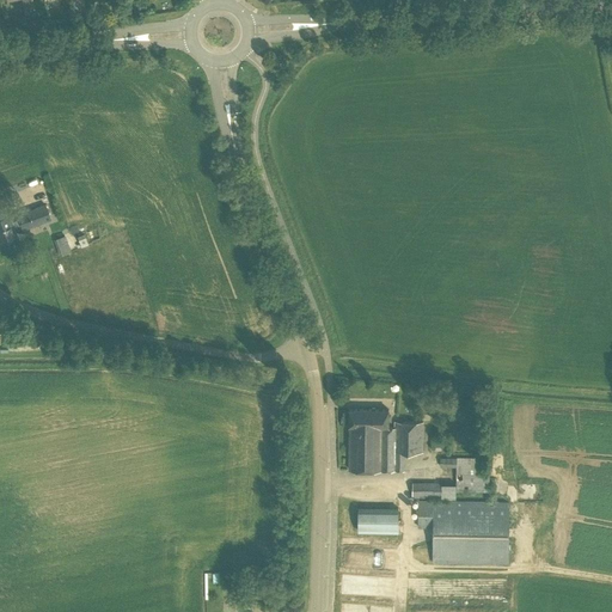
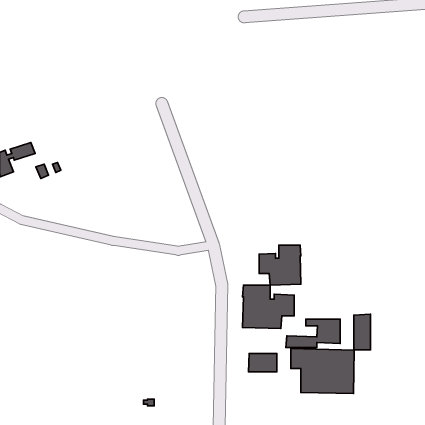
building: none -> [259,245,301,285]
building: none -> [354,314,371,350]

